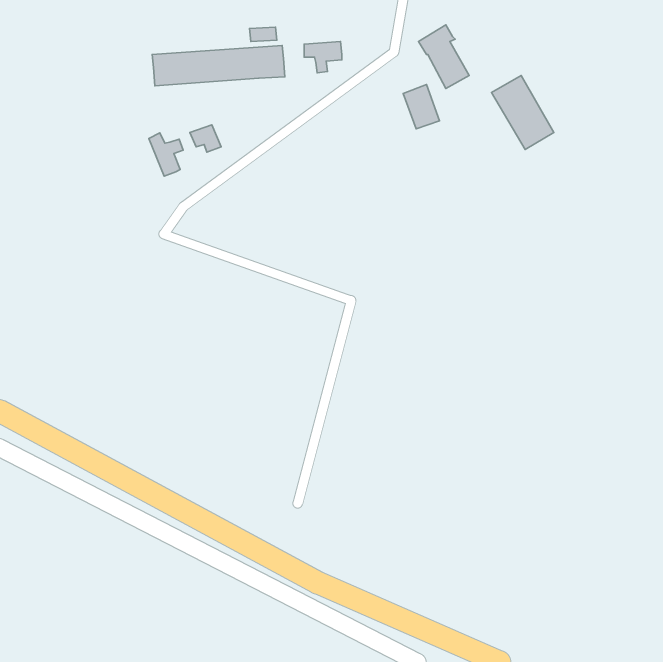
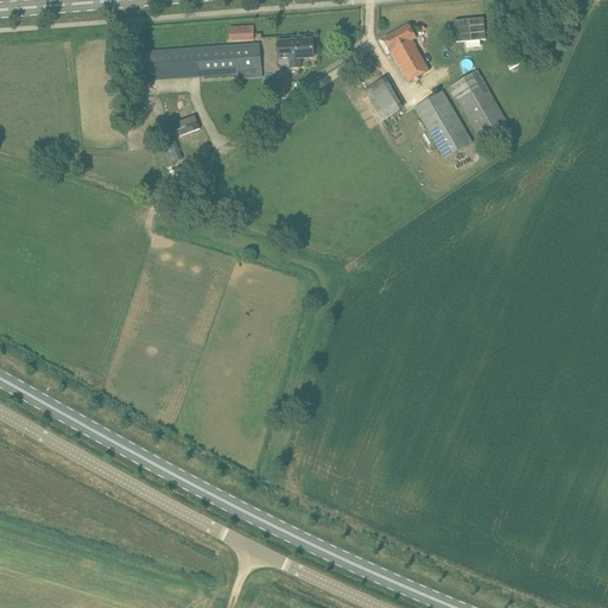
building: none -> [454,15,484,40]
building: none -> [414,89,471,157]
building: [149,133,183,176] -> none

